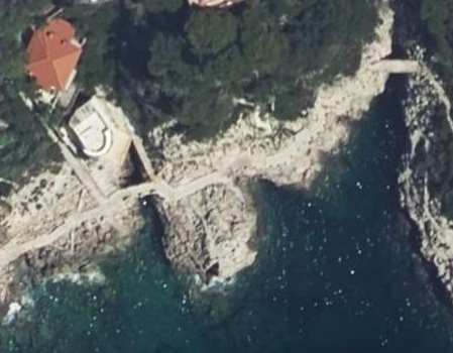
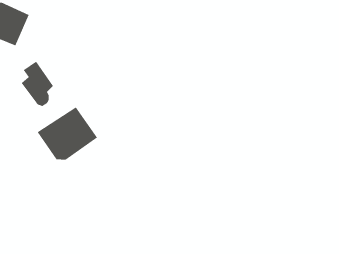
building: none -> [37,107,98,161]

